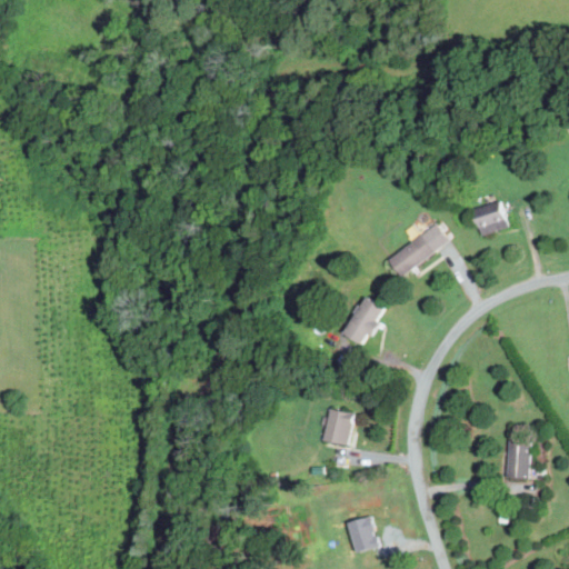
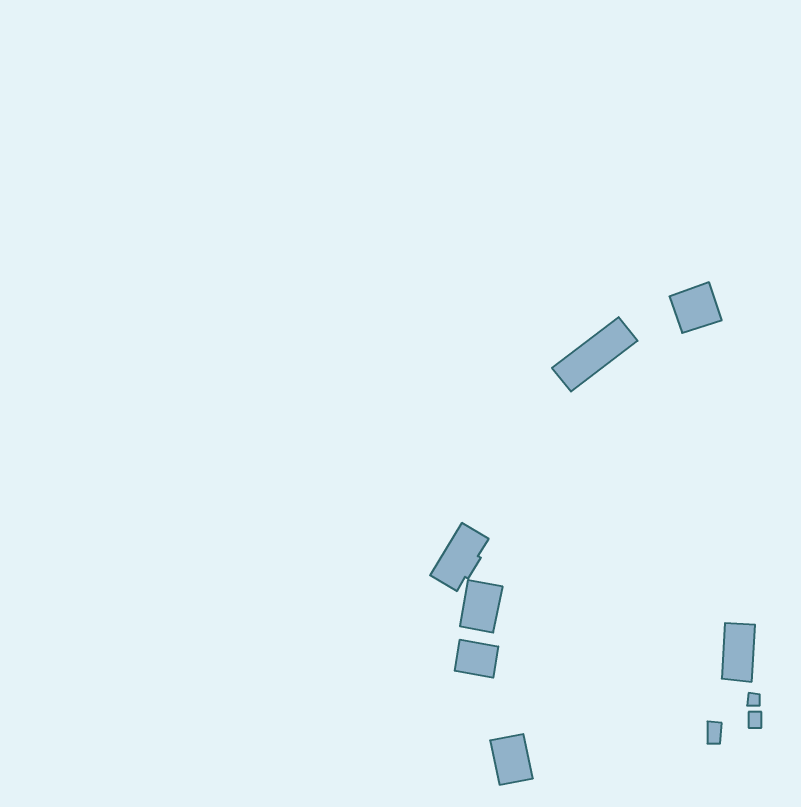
building: [343,297,385,345] -> [430,523,489,591]
building: none -> [455,640,498,678]

